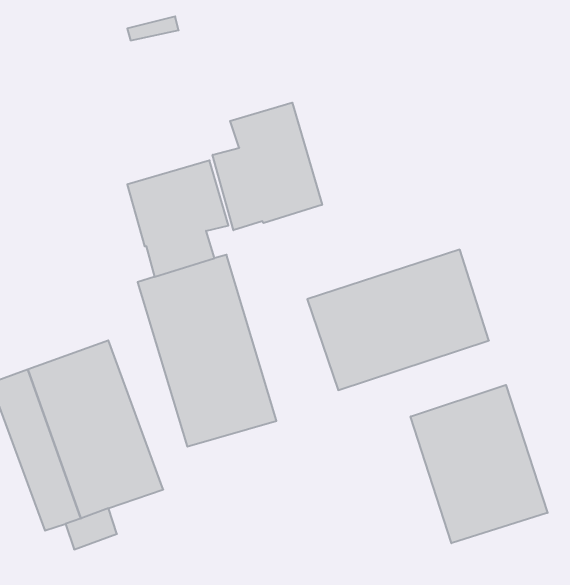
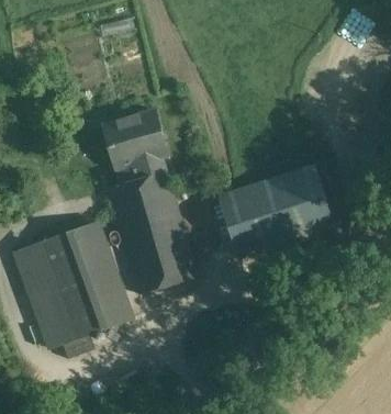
building: [213,103,322,230] -> none
building: [411,385,548,543] -> none

